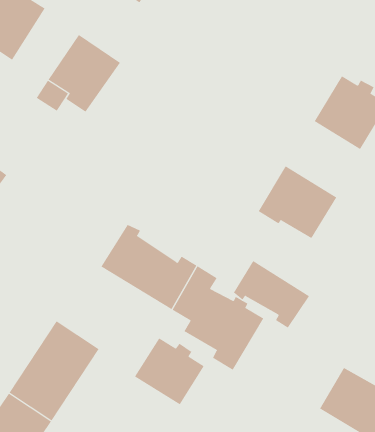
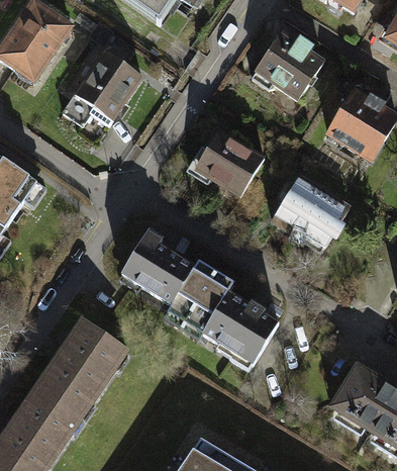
building: none -> [252,33,323,98]
building: none -> [190,129,263,200]
building: [233,260,310,328] -> none
building: [134,338,205,405] -> none

